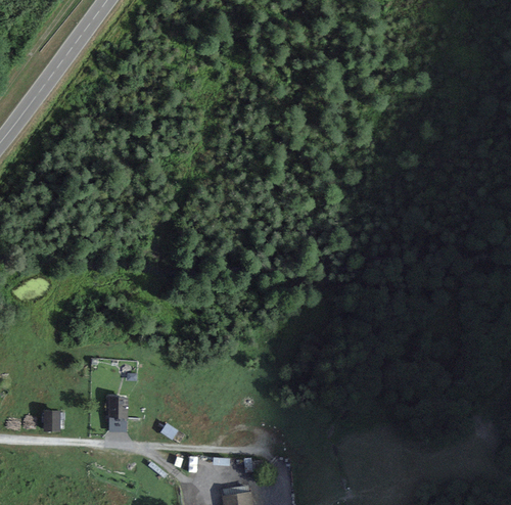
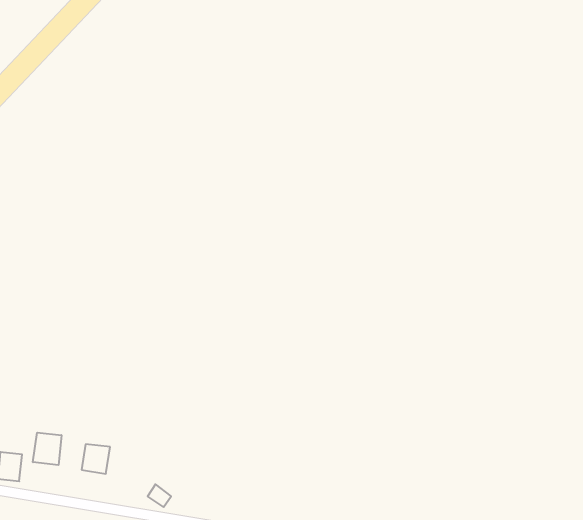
building: none -> [33,433,61,465]

